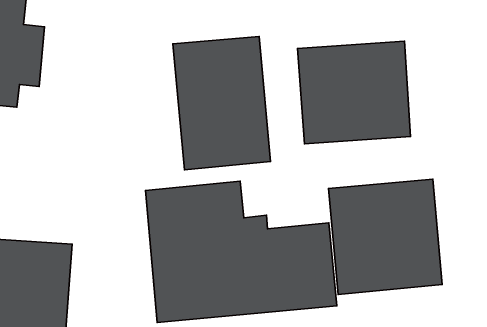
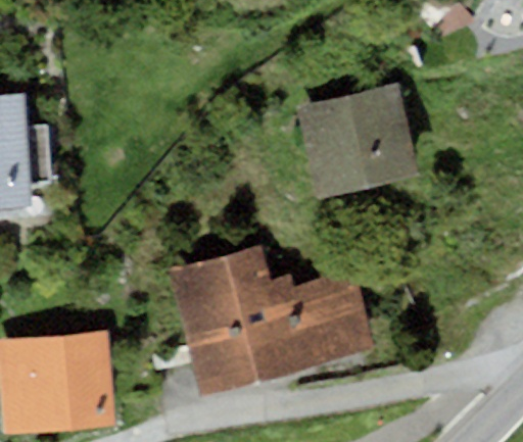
building: [173,36,271,170] -> none
building: [328,179,442,295] -> none

